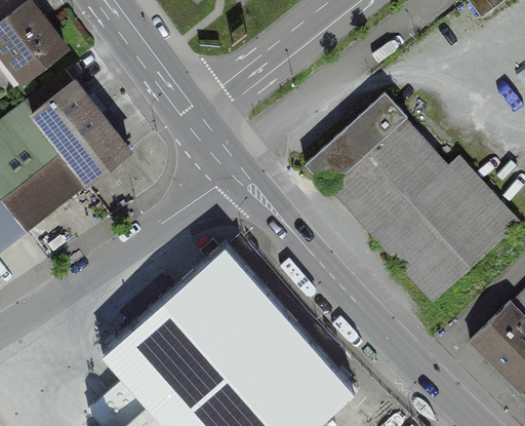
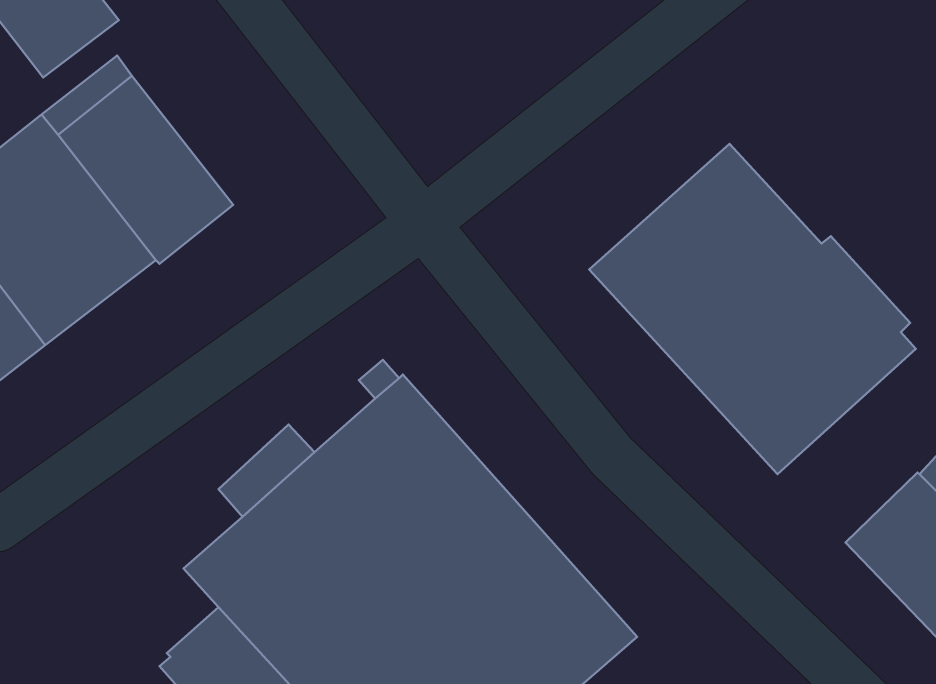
building: [306,92,407,189] -> none

